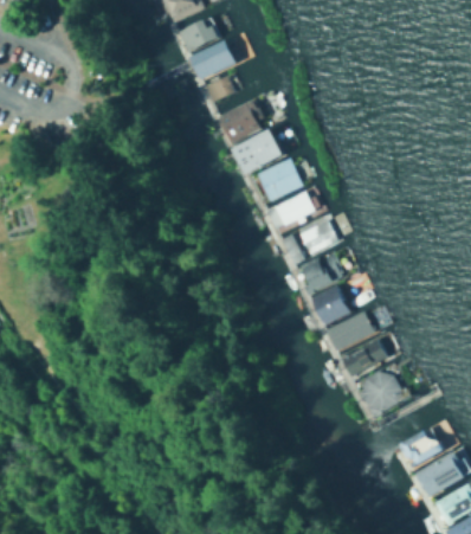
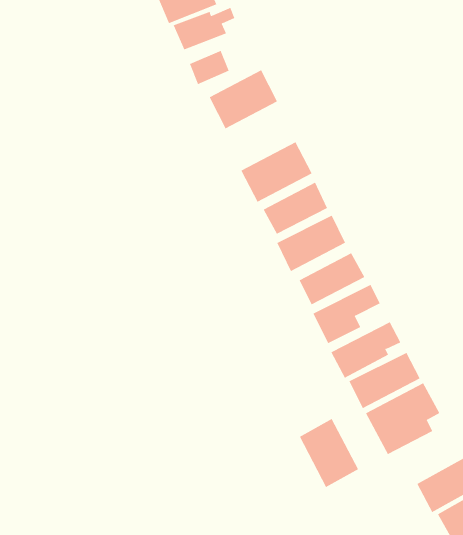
building: [230,126,285,171] -> none
building: none -> [299,418,359,488]

